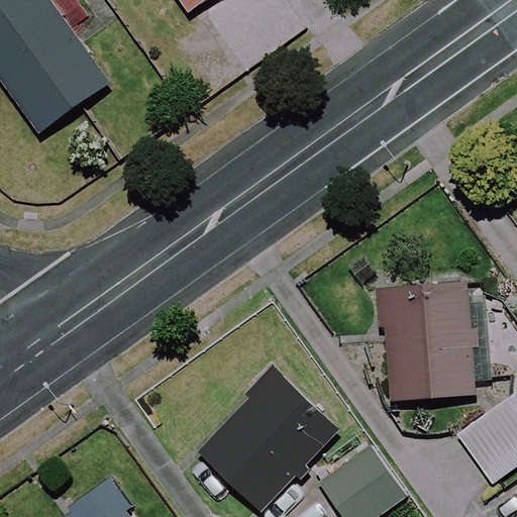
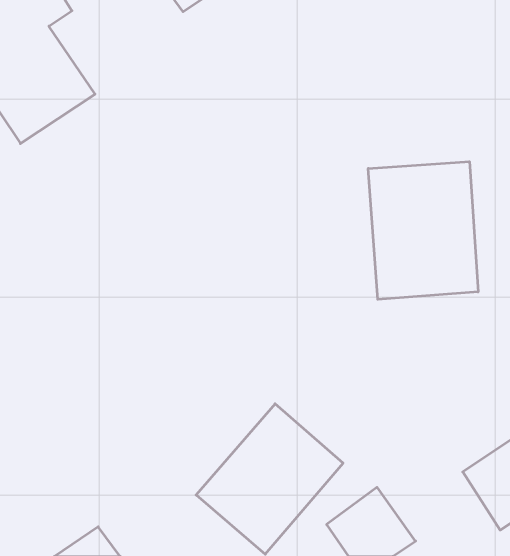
building: none -> [368,162,478,299]
building: [381,284,477,400] -> none

